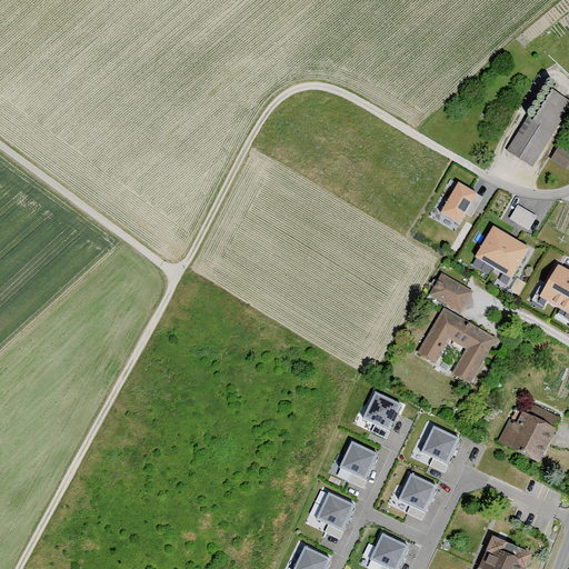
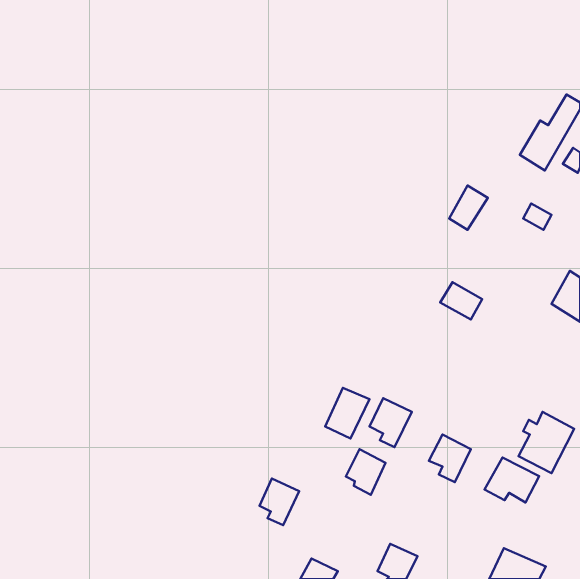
building: [473,226,530,279] -> none
building: [418,309,495,382] -> none
building: none -> [325,388,370,439]
building: none -> [484,457,539,503]
building: [397,471,438,519] -> none
building: [316,491,355,537] -> [259,479,299,525]

